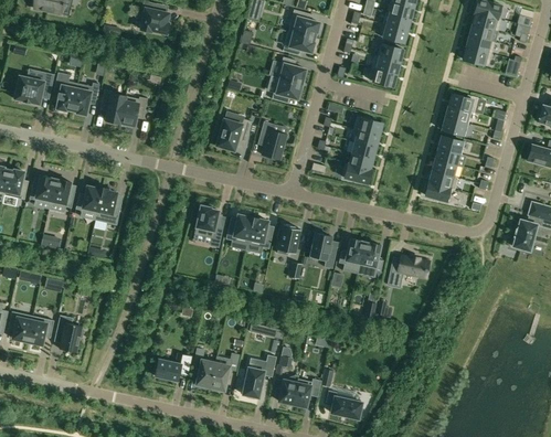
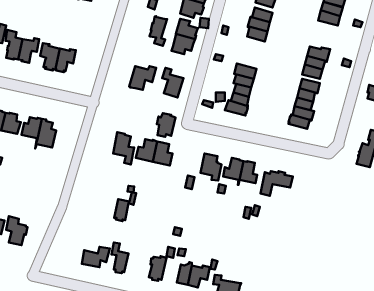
building: none -> [150,16,167,46]
building: [276,224,300,255] -> [157,113,175,137]
building: [210,354,239,392] -> [114,192,136,221]

